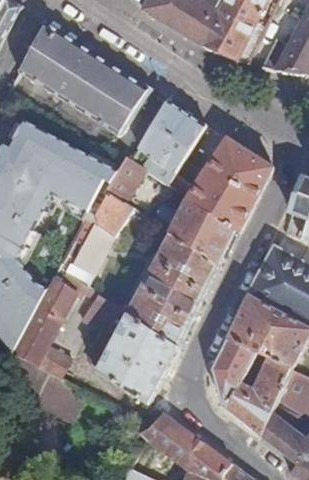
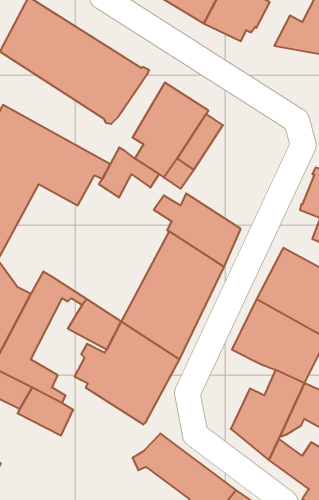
building: [187,135,273,231] -> none
building: [72,189,134,274] -> none
building: [213,337,253,408] -> none

